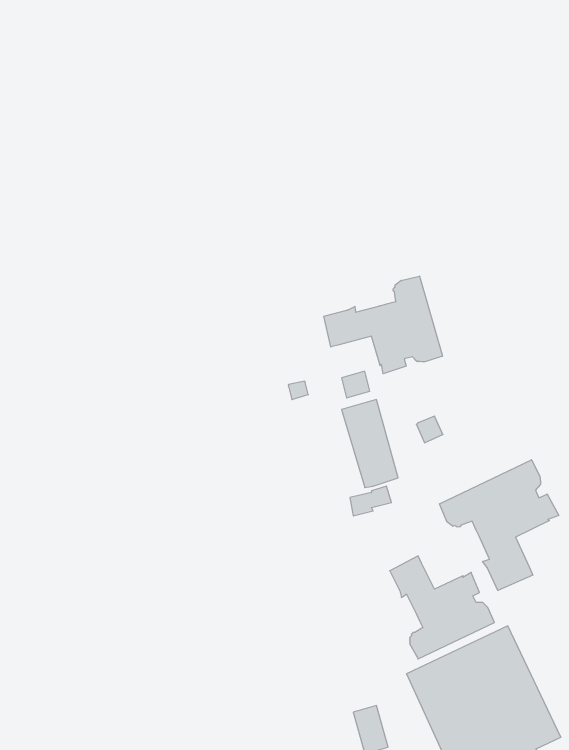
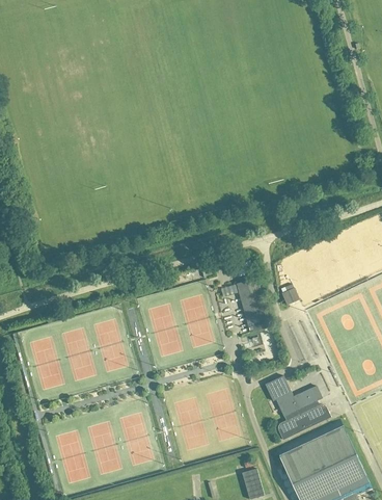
building: [324,276,442,374] -> none
building: [440,460,559,590] -> none

